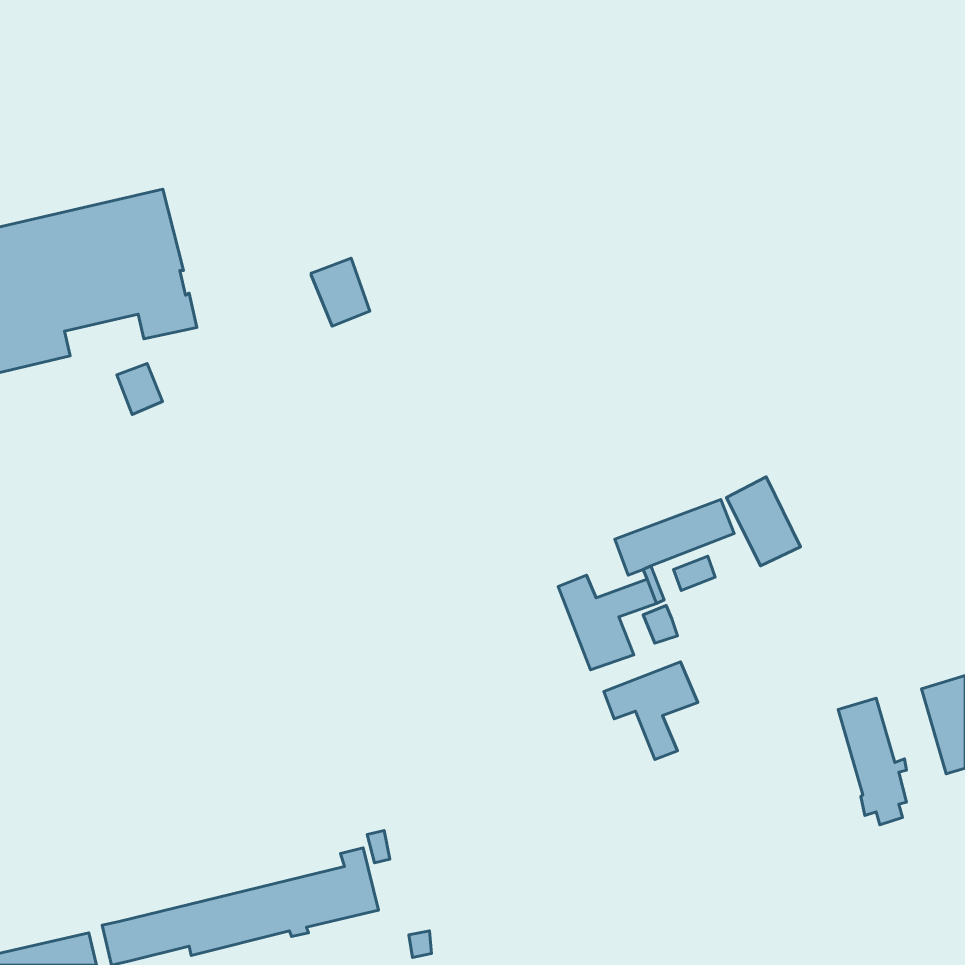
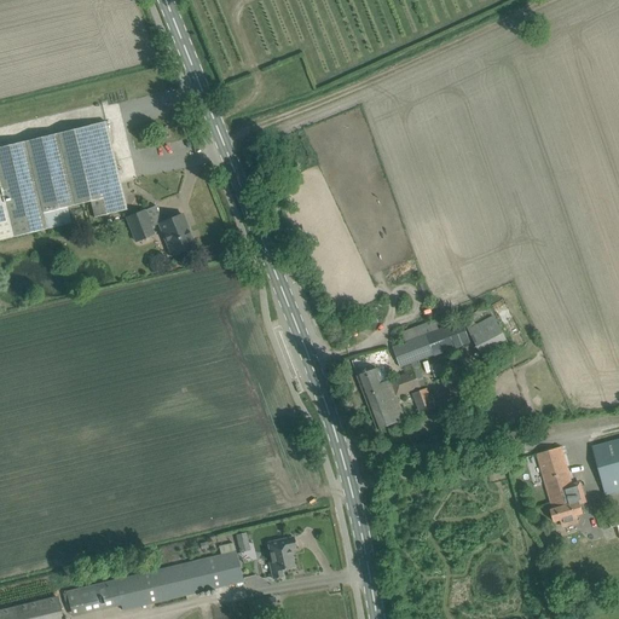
building: [311,258,370,326] -> [157,213,195,256]
building: [117,364,162,415] -> [125,209,154,242]
building: [604,662,698,760] -> none
building: none -> [266,536,295,579]

